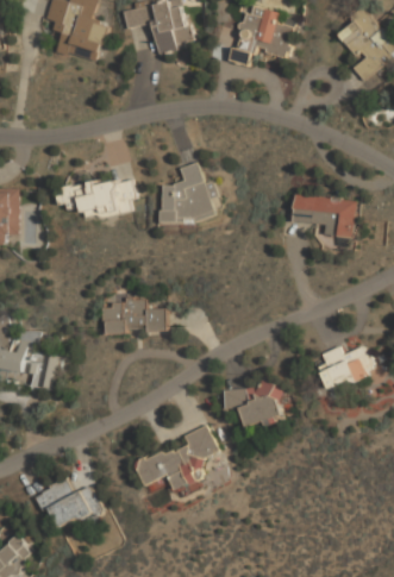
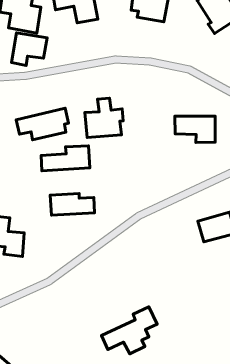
building: none -> [12,33,47,65]
building: none -> [41,146,90,171]
building: [223,380,281,426] -> none
building: [135,425,218,493] -> [102,307,157,354]
building: [32,477,101,531] -> none

